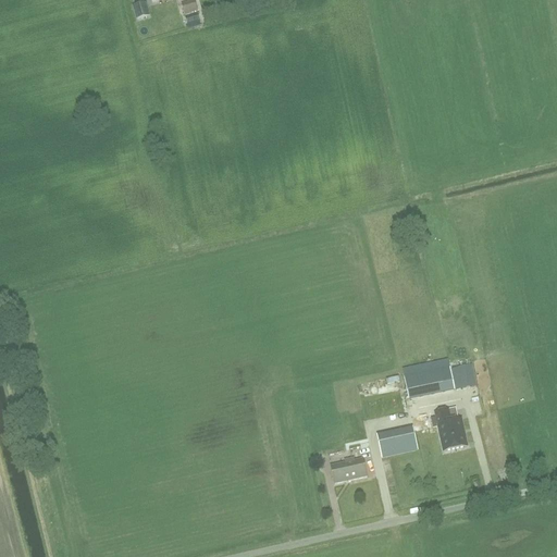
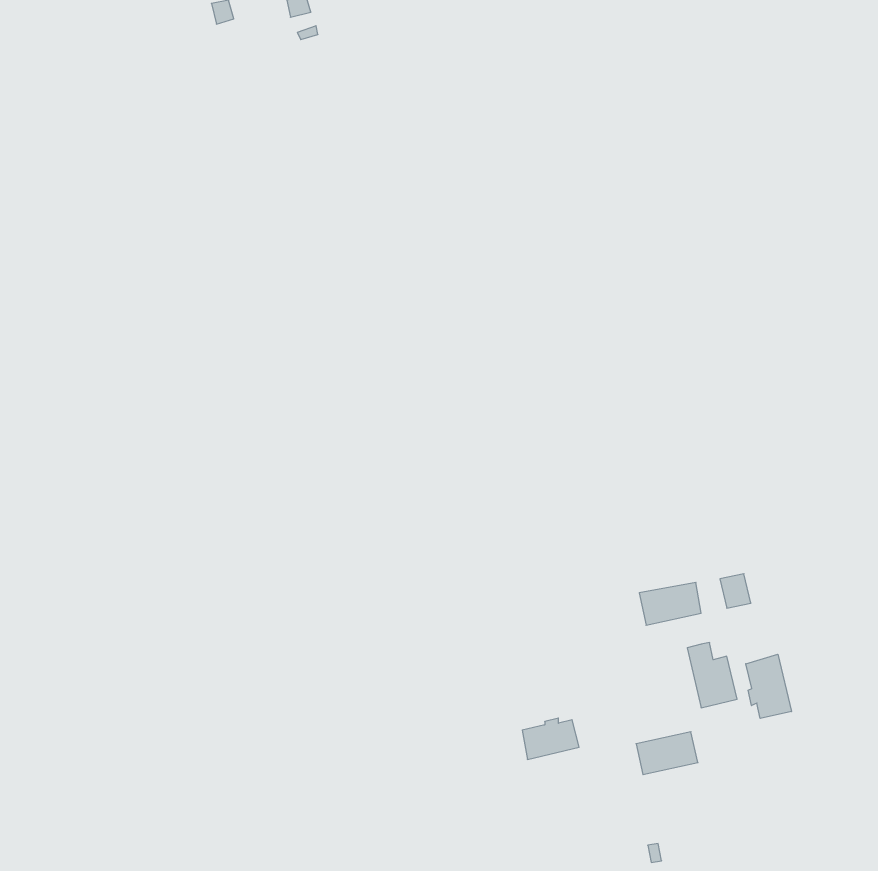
building: none -> [746,654,791,718]
building: [377,426,417,454] -> [636,732,698,775]

